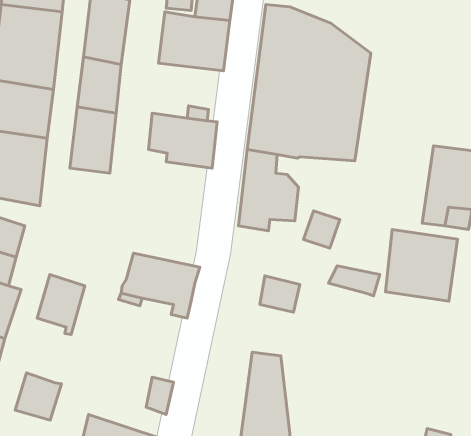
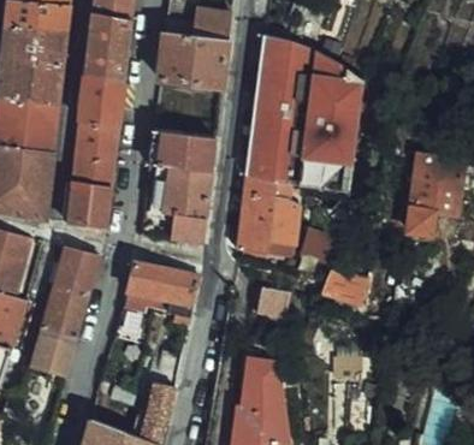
building: none -> [161,177,211,244]
building: none -> [69,183,112,229]
building: [386,230,457,301] -> none
building: none -> [54,247,99,296]
building: [15,373,61,420] -> [30,332,75,378]

